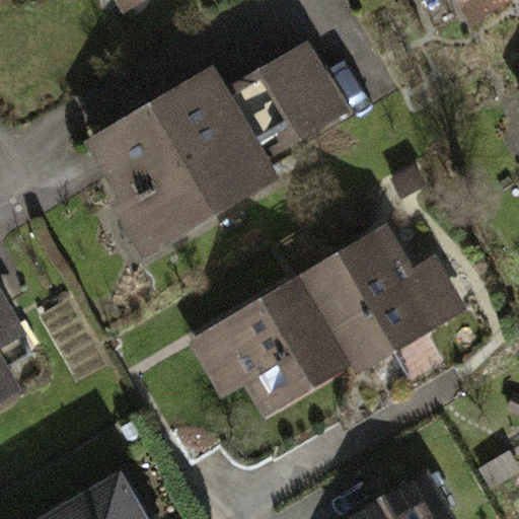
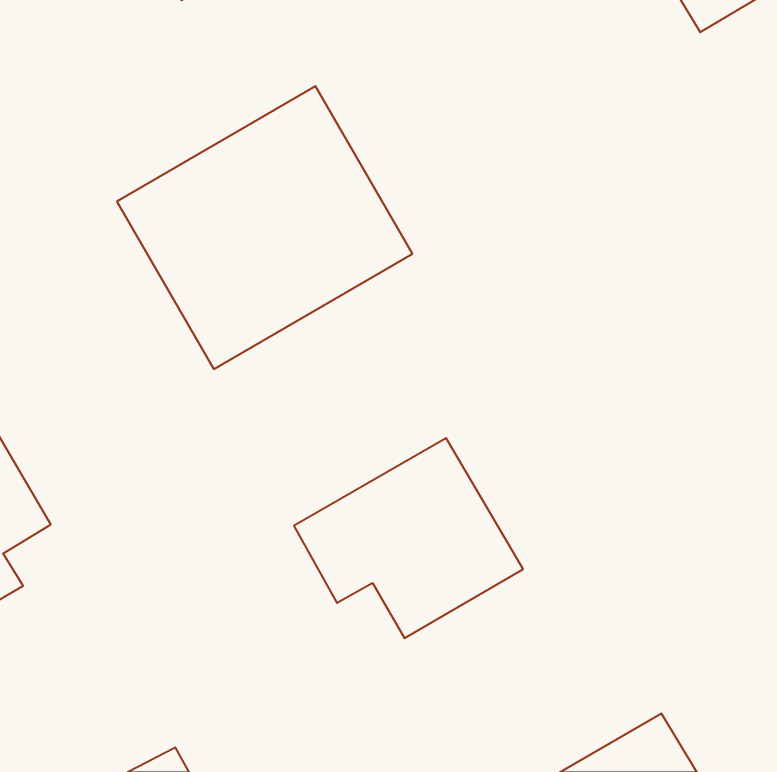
building: [246,32,342,133] -> none
building: [302,228,458,377] -> none

